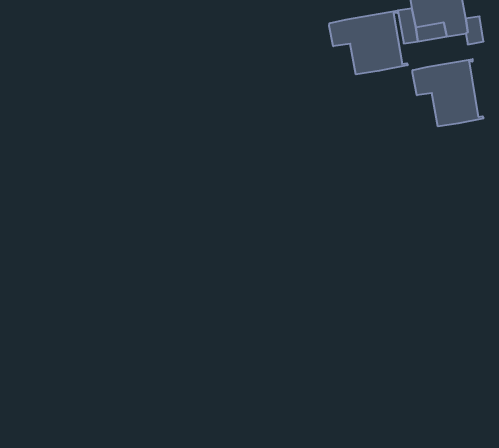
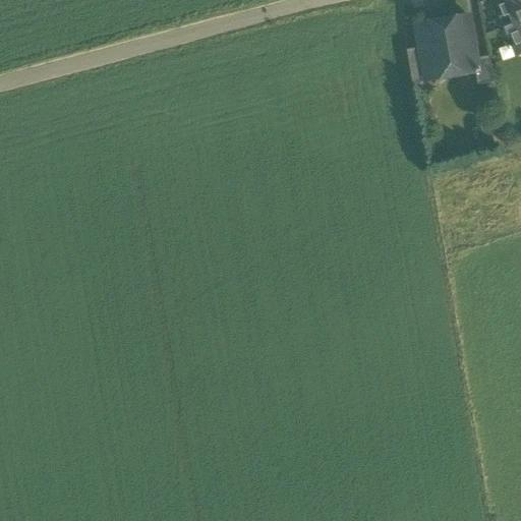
building: [329,10,408,74] -> none
building: [412,59,483,126] -> none

